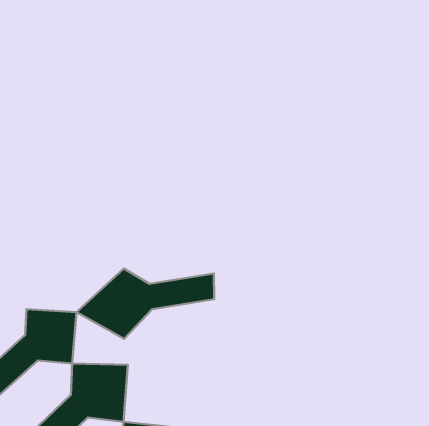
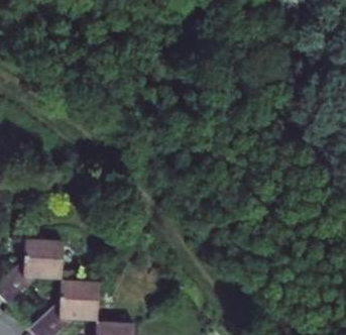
building: [76,268,214,339] -> none

